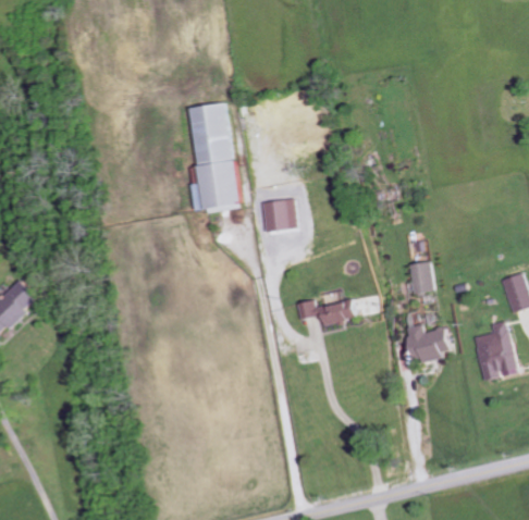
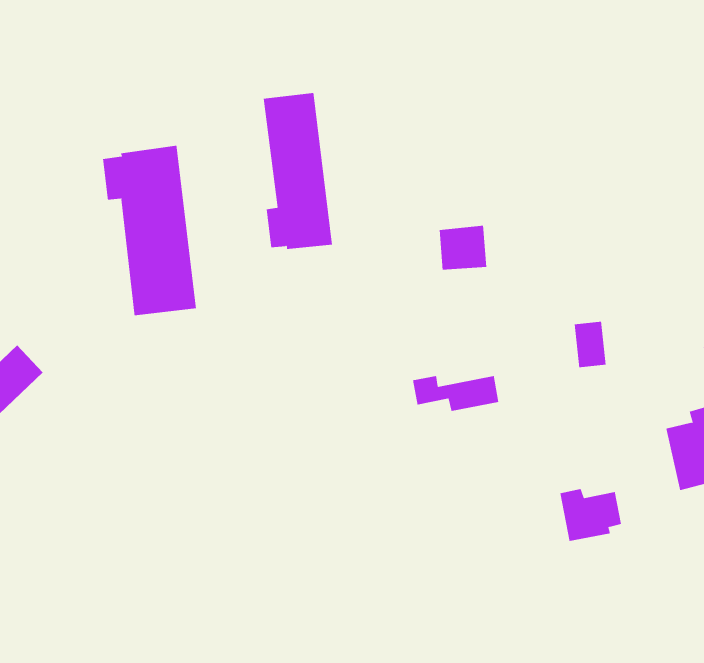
building: none -> [102,145,197,316]
building: [262,199,296,231] -> [439,225,487,270]
building: [406,325,450,362] -> [559,488,622,541]

